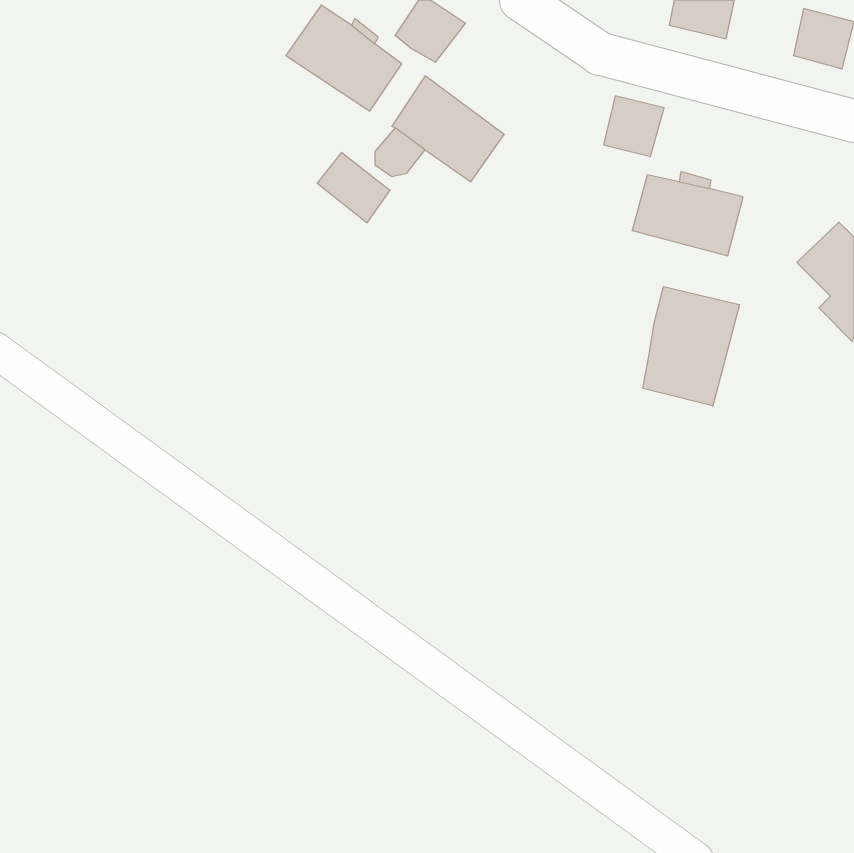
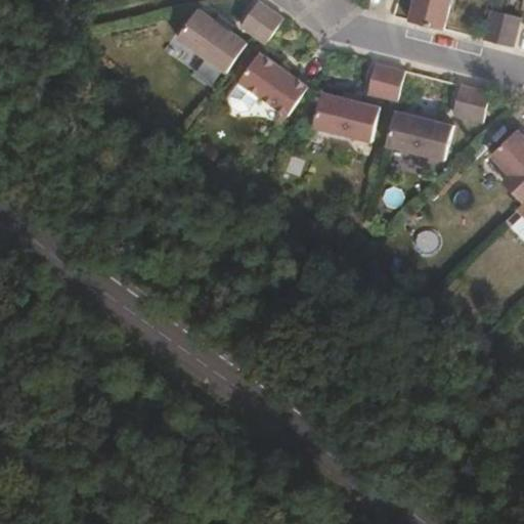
building: none -> [450,83,487,121]
building: none -> [311,91,379,143]
building: [317,152,390,223] -> none
building: [643,287,739,406] -> none

